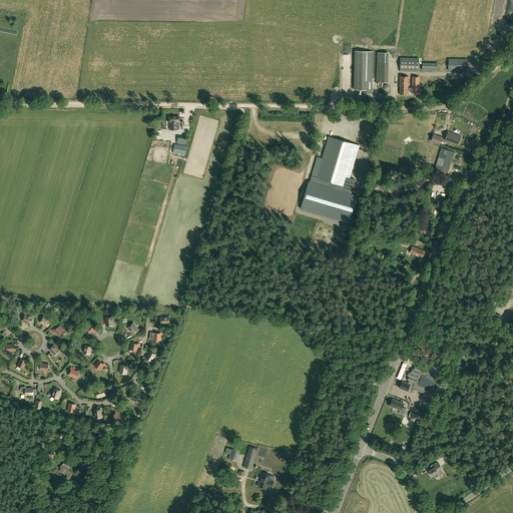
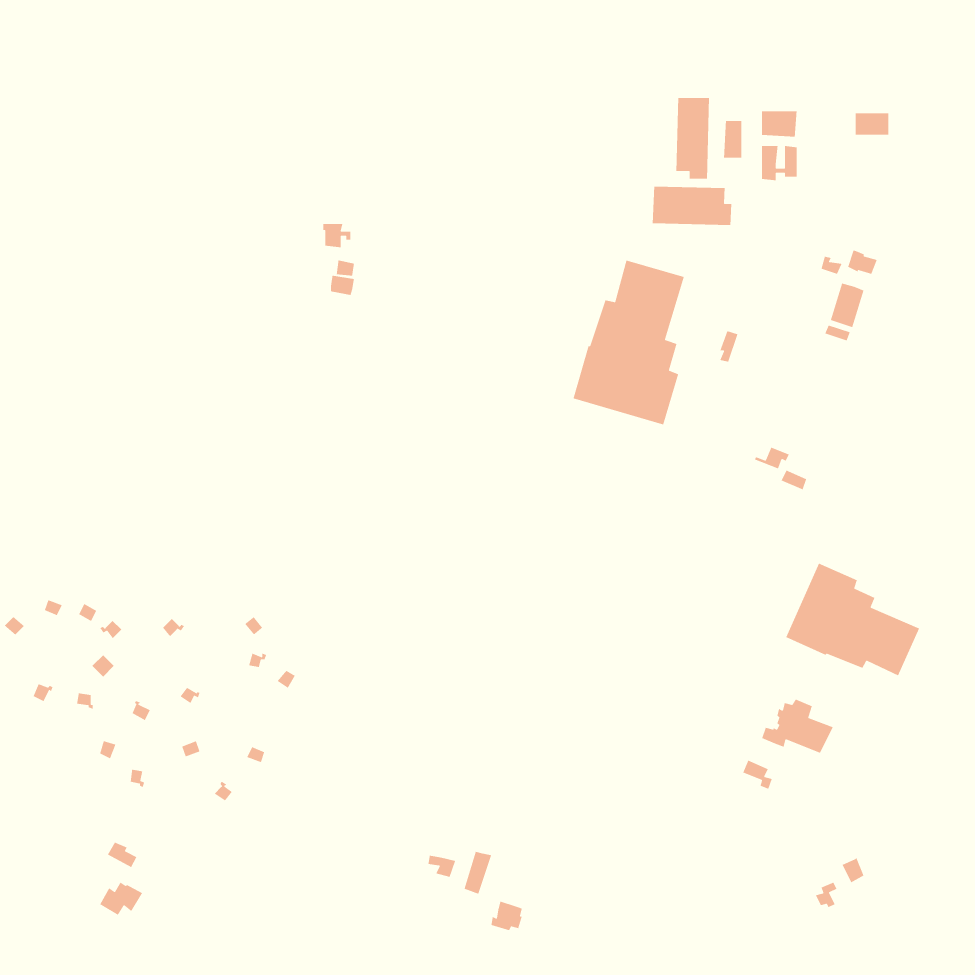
building: none -> [652,186,732,226]
building: none -> [785,563,920,676]

